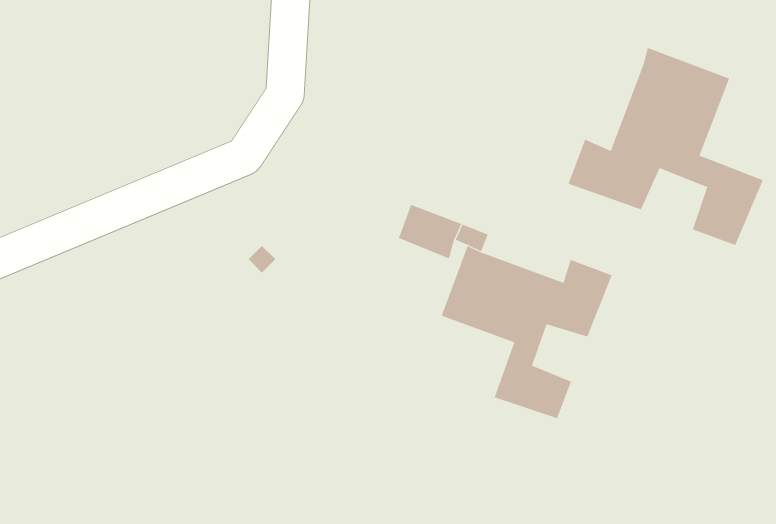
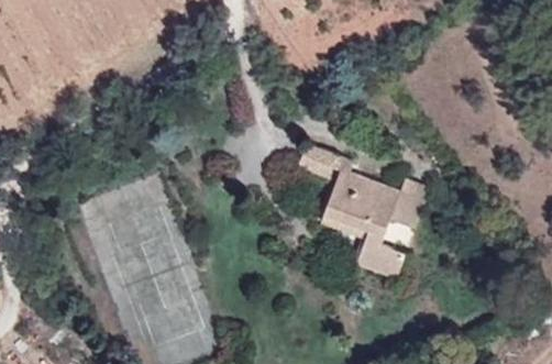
building: [568,47,763,246] -> none

